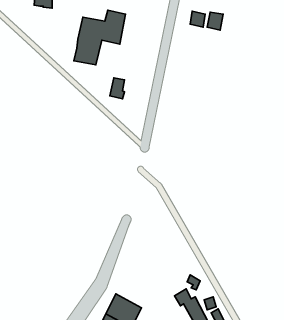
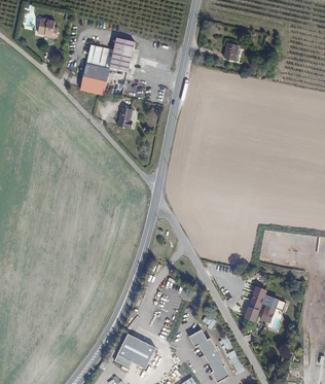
building: none -> [245,291,274,320]

